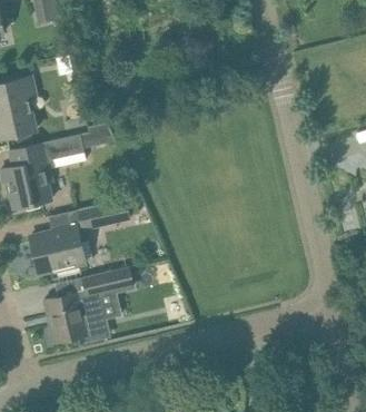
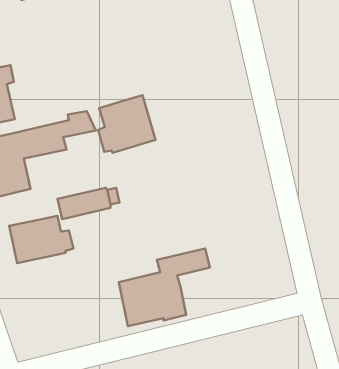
building: none -> [98,95,156,153]
building: [43,267,133,344] -> [119,248,210,326]

